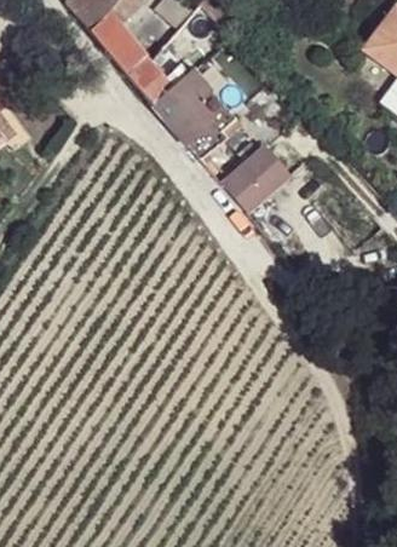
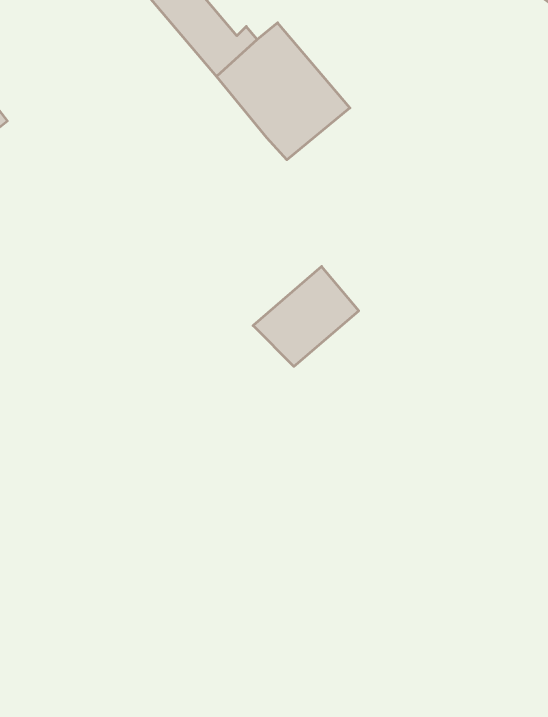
building: [221,144,290,209] -> [253,266,359,366]

